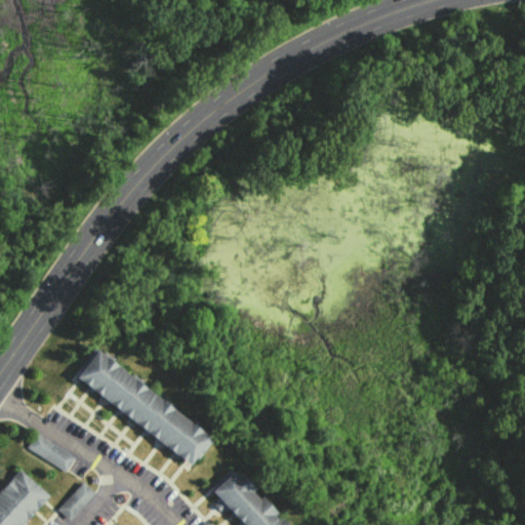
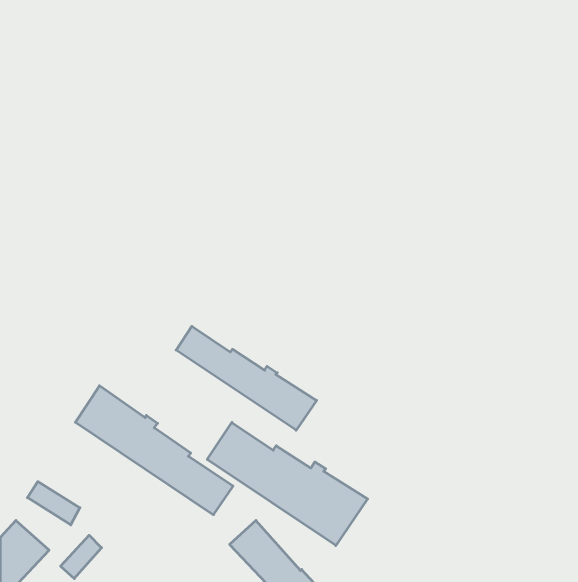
building: none -> [176,326,317,430]
building: none -> [207,422,368,546]

